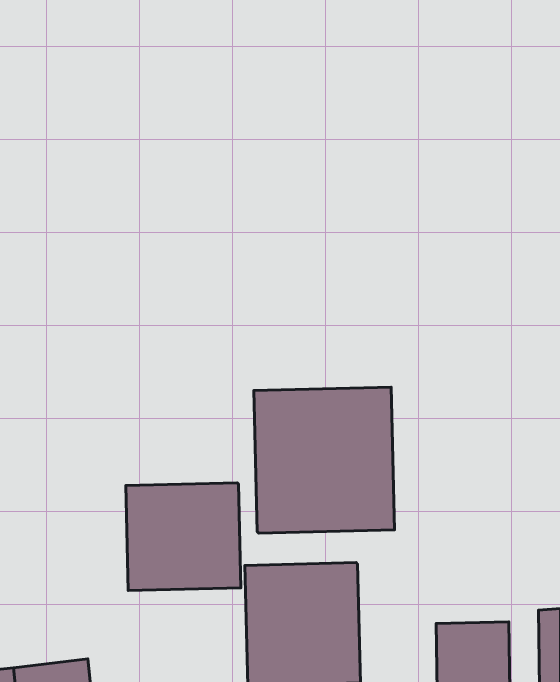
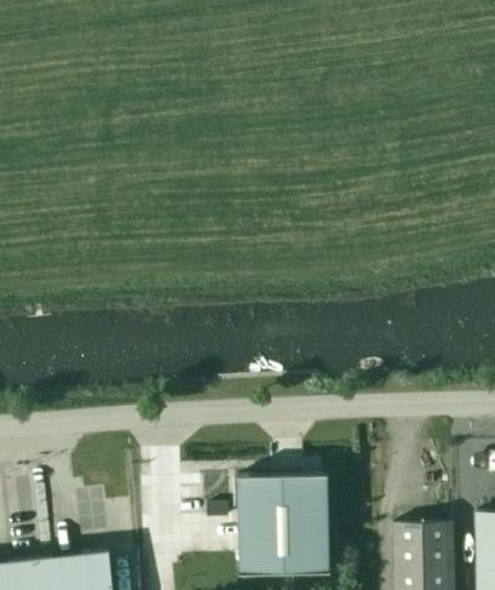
building: [254,387,394,533] -> none
building: [126,483,241,591] -> none

